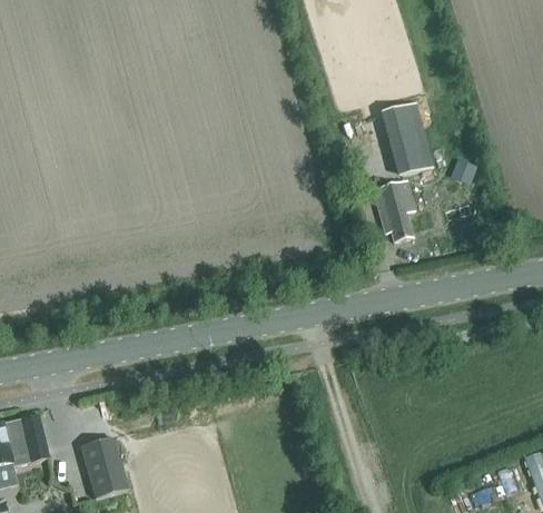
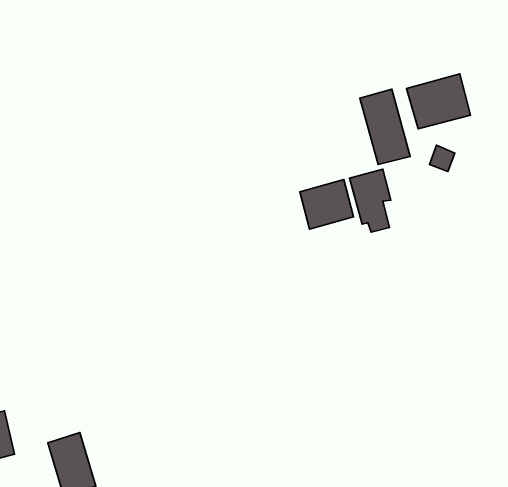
building: none -> [407,74,470,129]
building: none -> [300,180,354,229]

